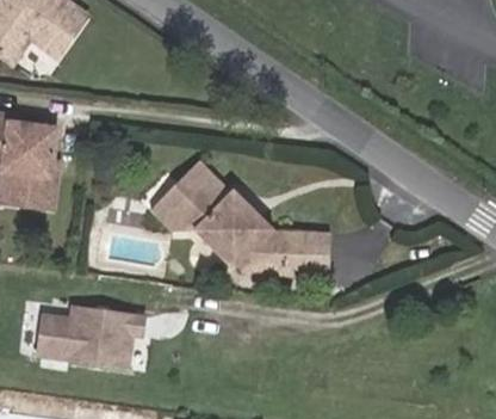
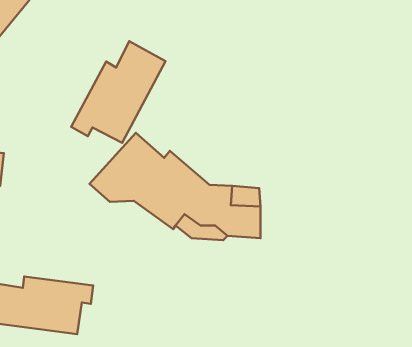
building: none -> [71,41,166,143]

